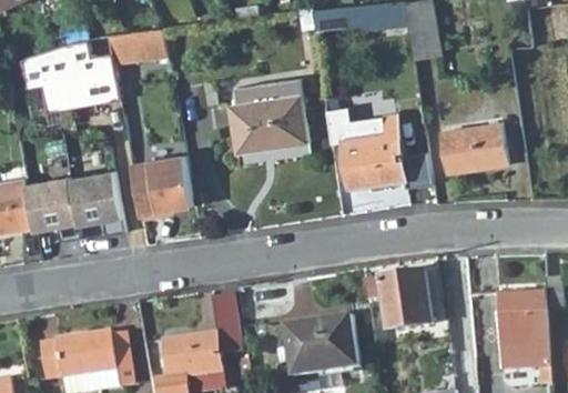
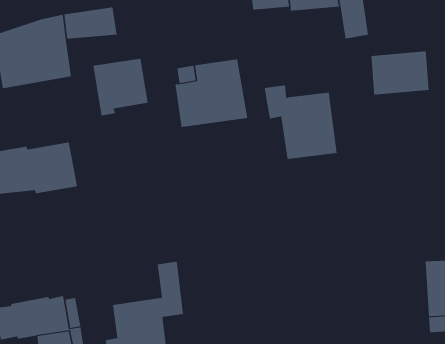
building: [444,125,507,173] -> [370,51,430,95]
building: [132,158,192,220] -> [92,58,148,116]
building: [363,273,430,332] -> none
building: [286,319,359,379] -> none

